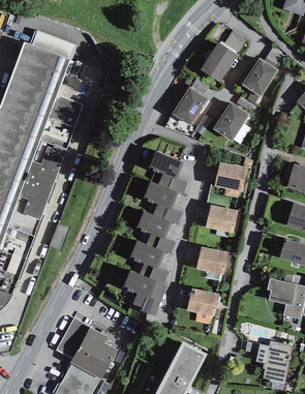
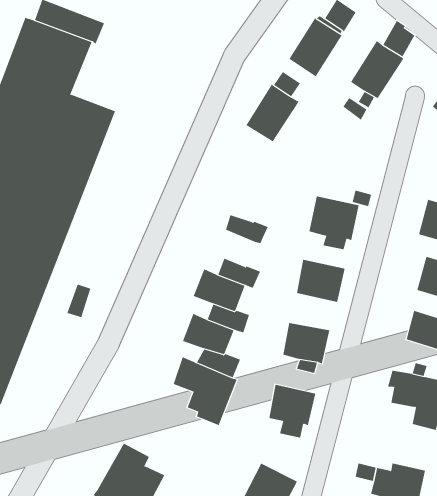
building: [213,101,249,141] -> none
building: [148,150,184,179] -> none
building: [143,181,178,209] -> none
building: [56,317,90,358] -> none

